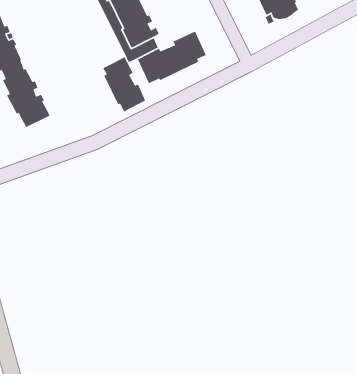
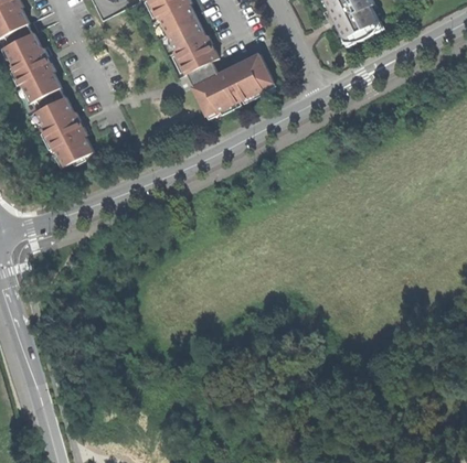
building: [102,56,146,112] -> none

